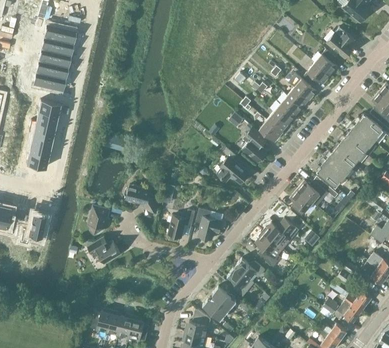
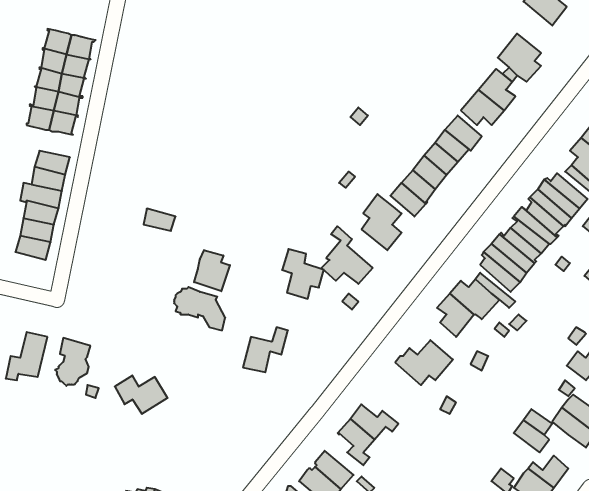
building: none -> [194,250,230,291]
building: [88,205,110,235] -> [55,338,90,386]
building: [196,209,222,240] -> [282,249,324,299]
building: [255,232,281,267] -> none

